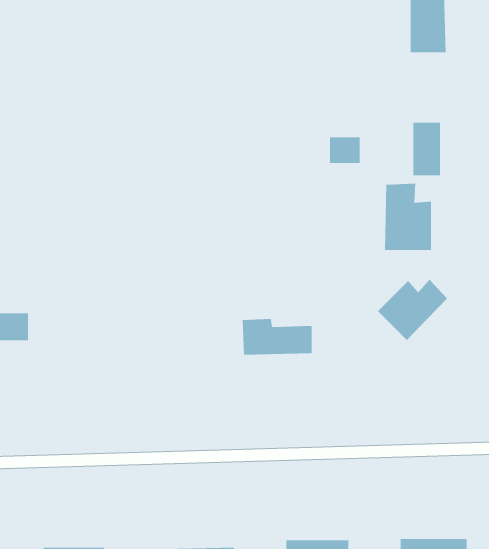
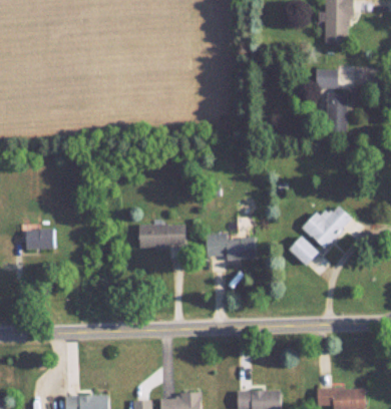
building: [329,137,360,164] -> [316,69,338,88]
building: [385,183,432,251] -> none
building: none -> [139,225,184,248]
building: none -> [290,236,320,267]

